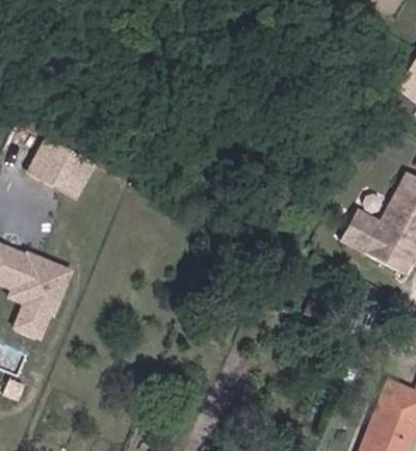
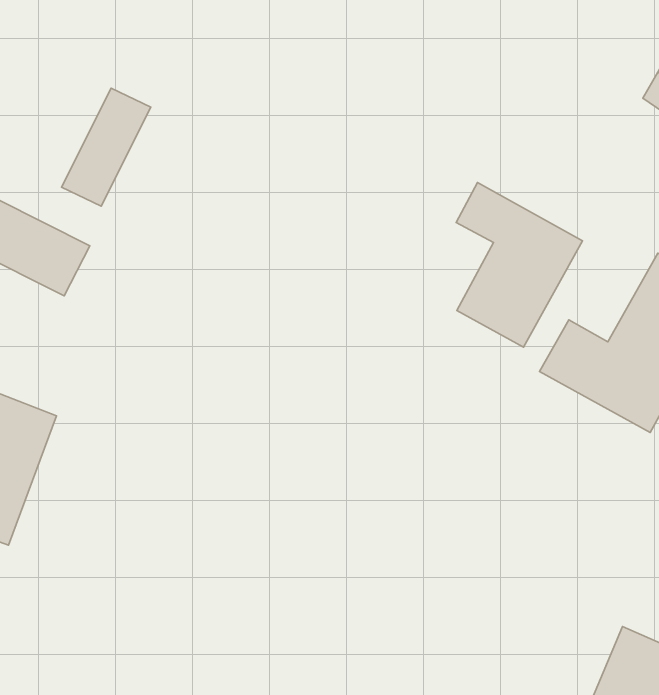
building: none -> [62,88,151,206]
building: none -> [456,183,582,347]

